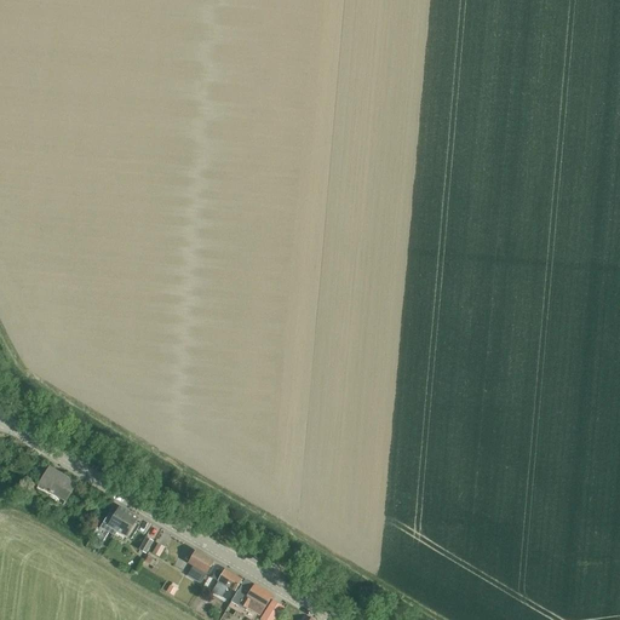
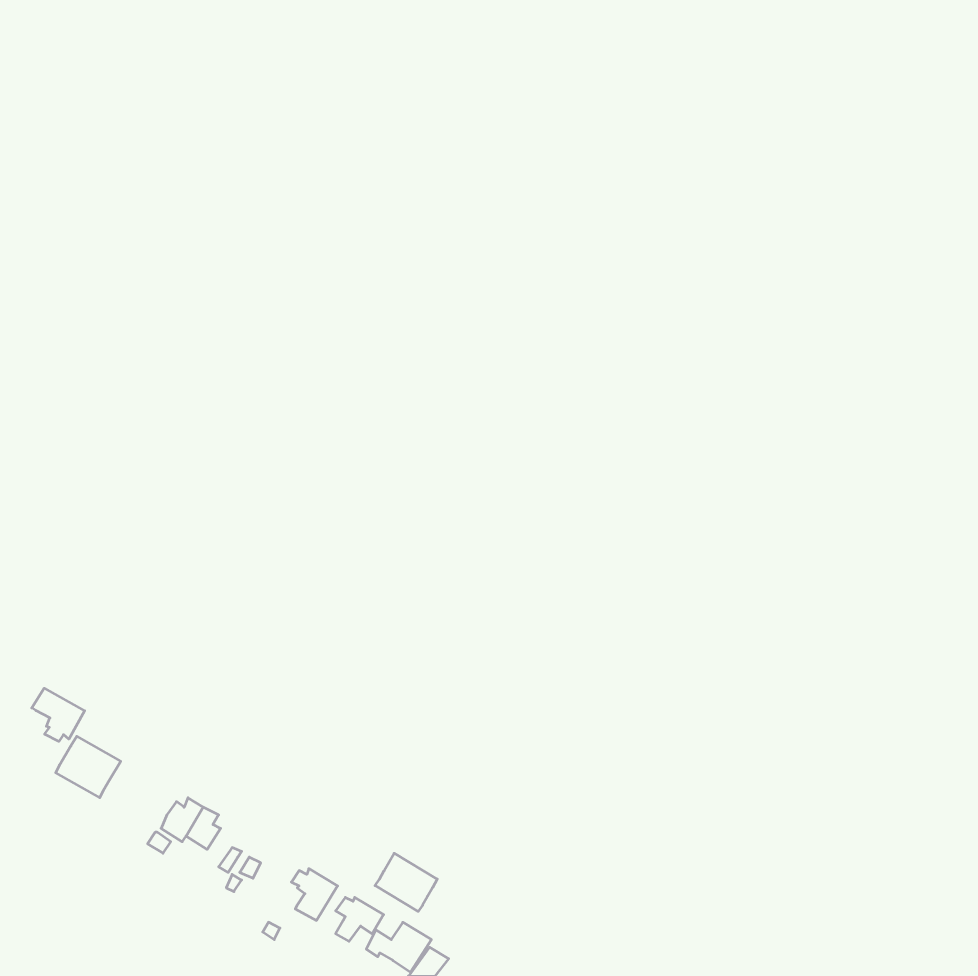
building: none -> [32,688,85,741]
building: none -> [375,853,437,911]

